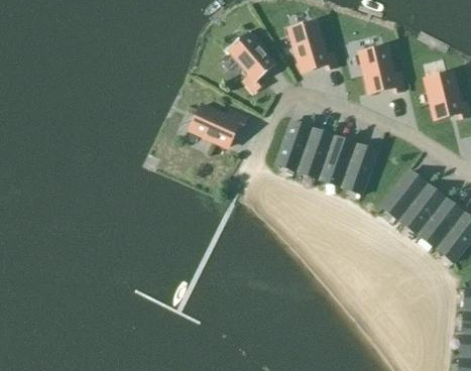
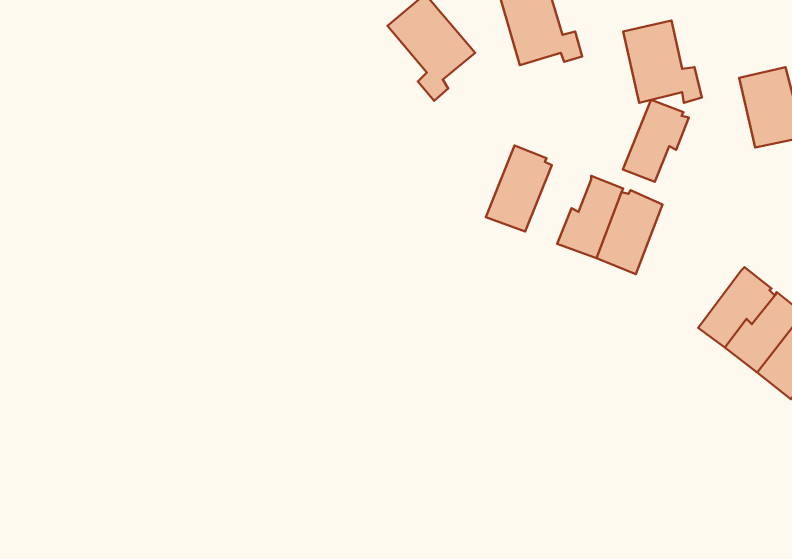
building: [190,105,246,147] -> none
building: [304,126,341,172] -> [623,100,689,182]
building: [382,171,426,220] -> none

